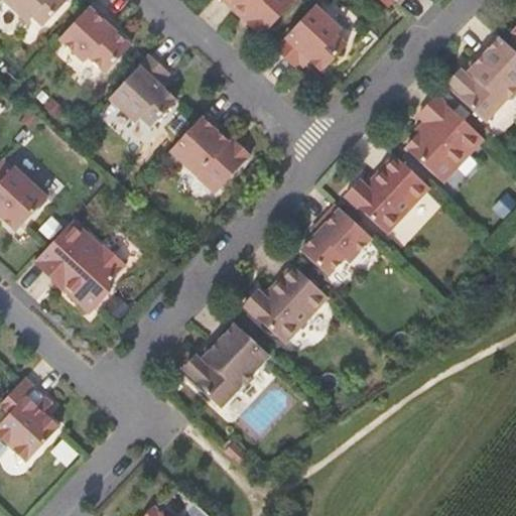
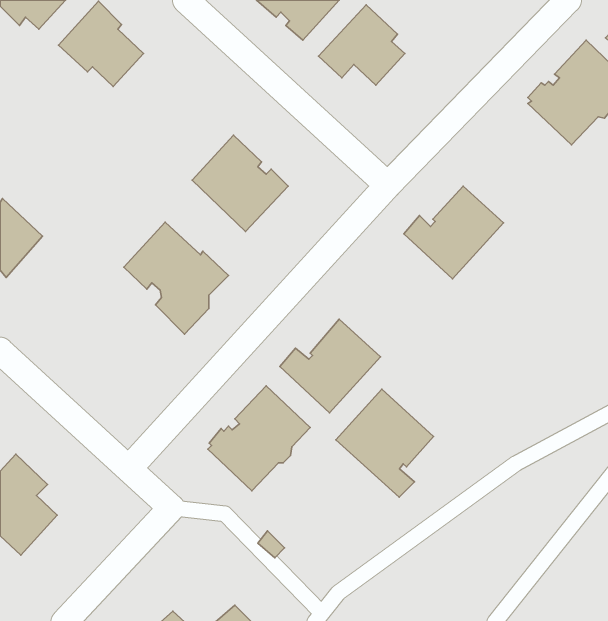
building: [109,54,176,126] -> none
building: [405,95,484,182] -> none
building: [301,205,371,275] -> none
building: [34,225,121,317] -> [124,222,228,334]
building: none -> [336,389,434,497]

